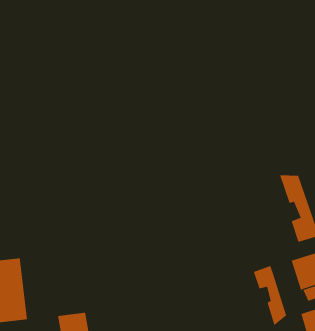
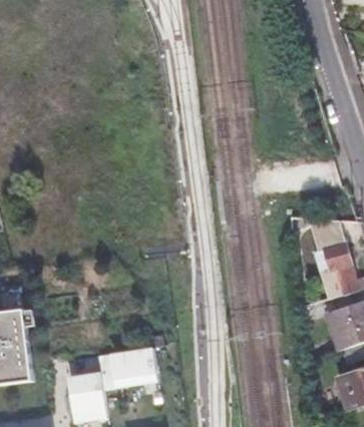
building: [253,265,287,326] -> none
building: none -> [98,347,156,388]

